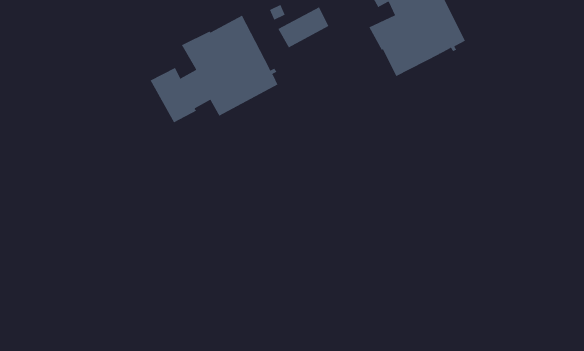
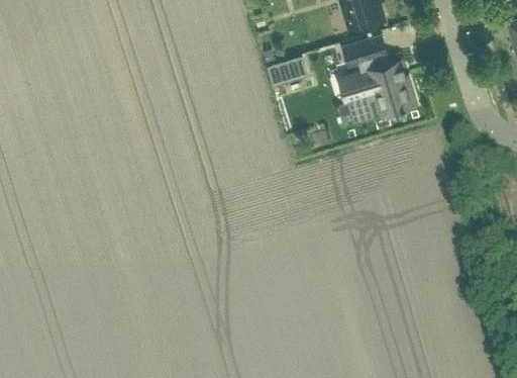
building: [150,15,278,123] -> none

